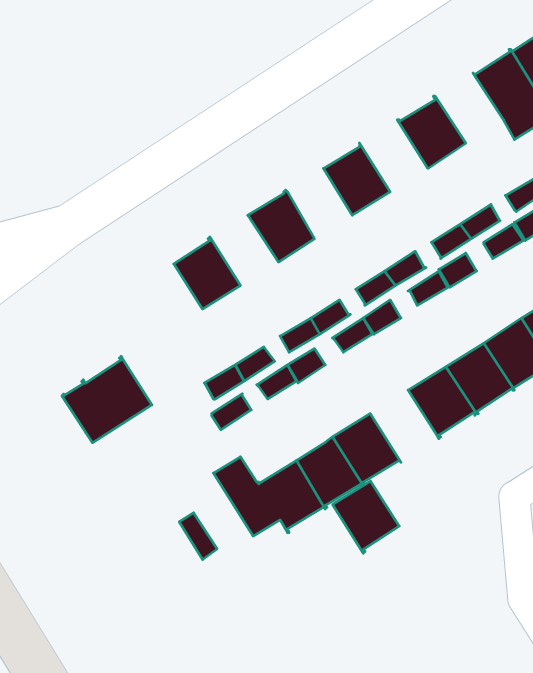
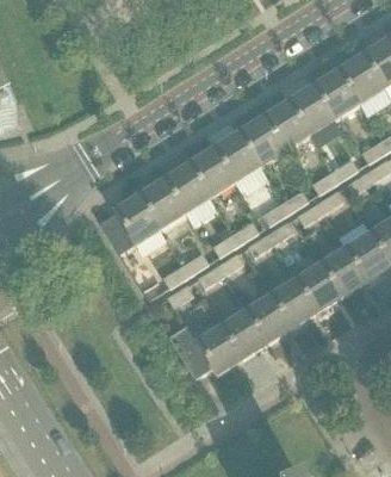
building: none -> [316,69,361,116]
building: none -> [266,100,311,148]
building: none -> [218,131,269,194]
building: none -> [167,162,212,210]
building: [62,356,152,443] -> [103,193,162,250]
building: [333,481,399,553] -> [273,279,317,327]

